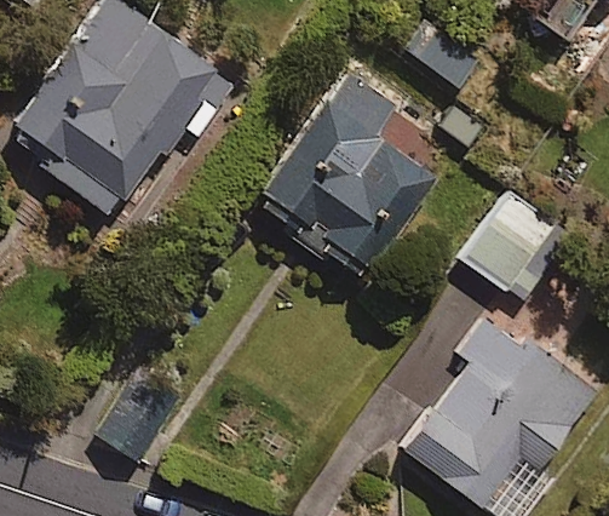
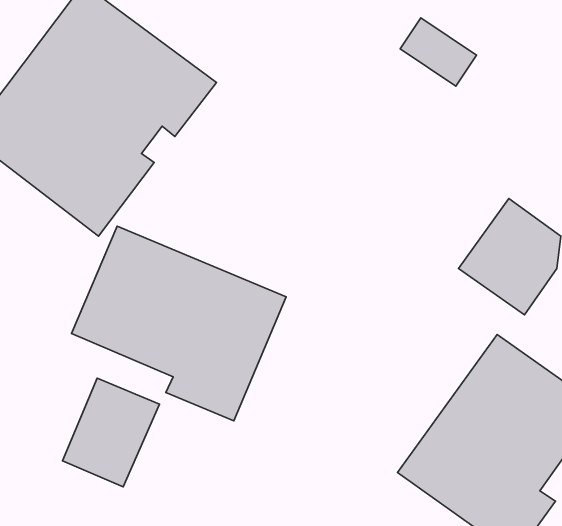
building: [253,73,433,276] -> none
building: none -> [71,226,286,421]

